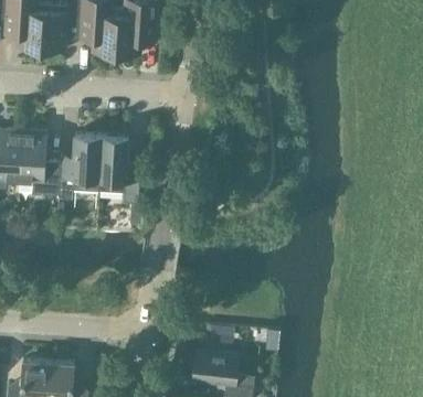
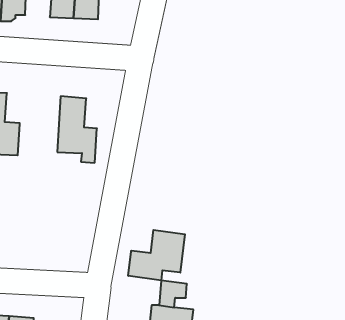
building: [57,135,102,200] -> none
building: none -> [128,230,185,281]

